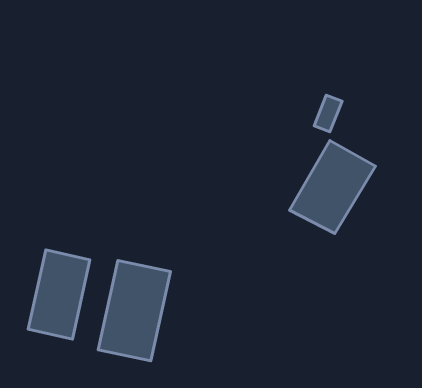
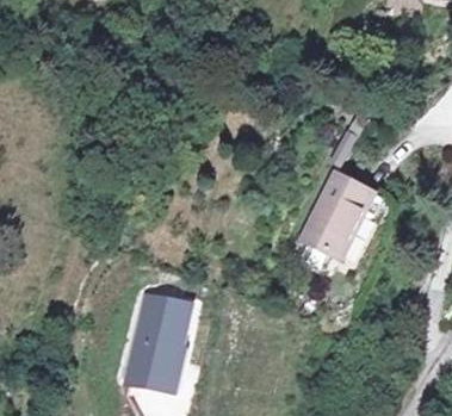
building: [28,250,90,339] -> none

